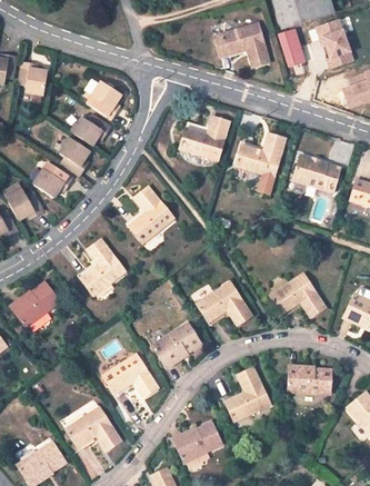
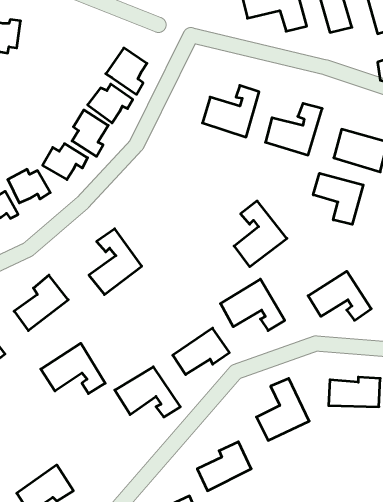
building: [23,65,51,99] -> none
building: [130,186,176,242] -> [234,201,287,267]
building: none -> [313,173,363,224]
building: [64,407,120,450] -> [41,343,105,394]

